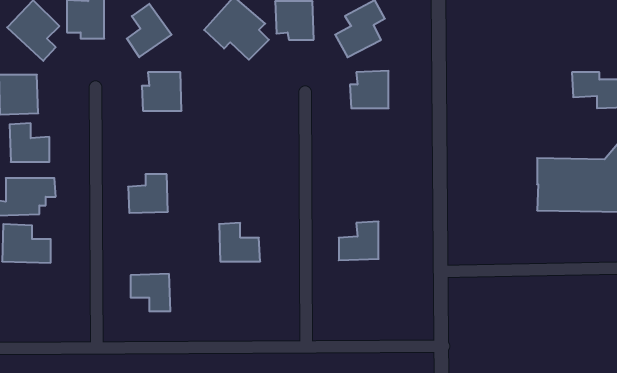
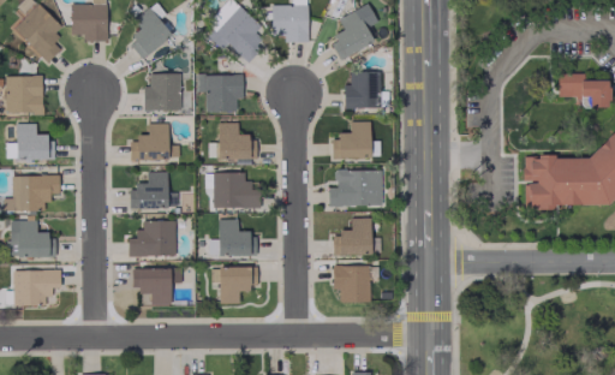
building: none -> [196,75,243,112]
building: none -> [334,121,370,159]
building: none -> [217,123,257,161]
building: none -> [130,124,168,160]
building: none -> [328,169,382,207]
building: none -> [213,173,261,208]
building: none -> [129,220,175,256]
building: none -> [333,266,378,302]
building: none -> [219,267,257,303]
building: none -> [13,269,60,305]

